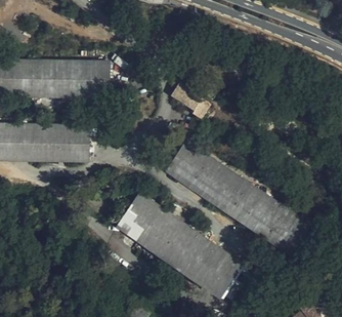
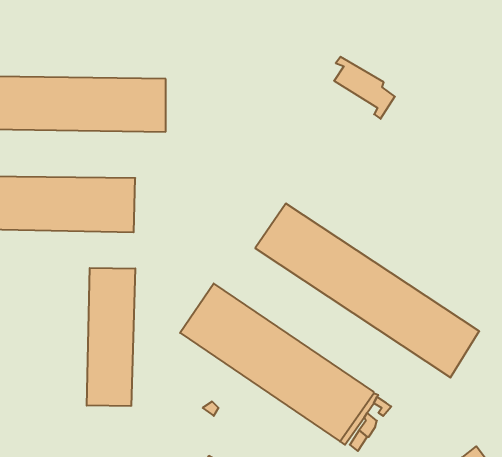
building: [169,78,208,118] -> [334,57,395,119]
building: none -> [87,268,135,406]

